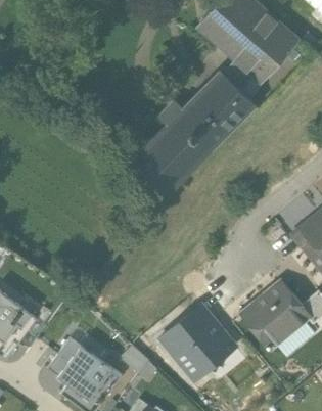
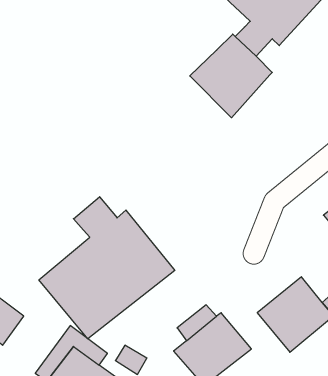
building: [128,99,219,198] -> none
building: none -> [39,197,175,339]

